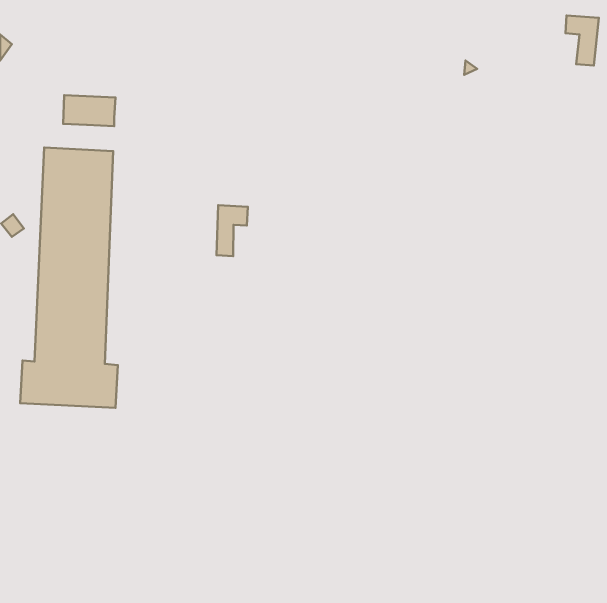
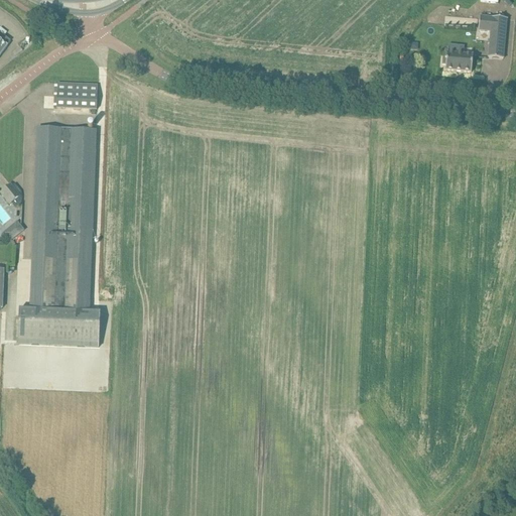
building: none -> [446,49,474,70]
building: [217,205,248,256] -> none

